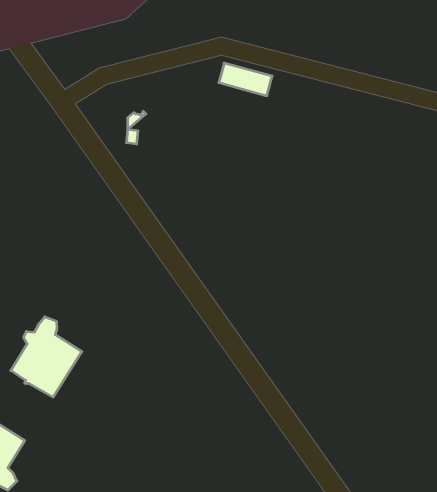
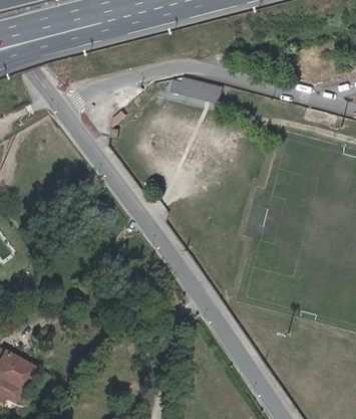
building: [11,317,82,397] -> none

